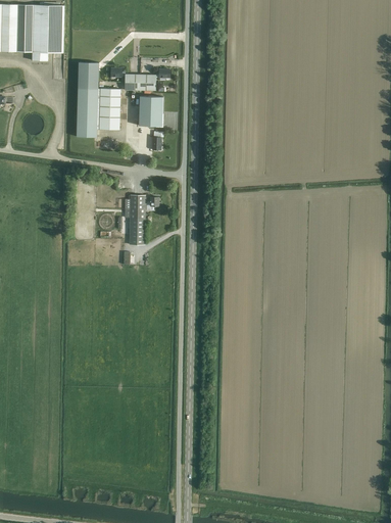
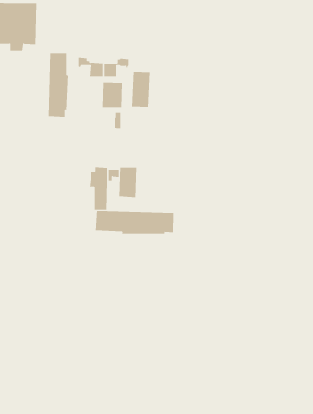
building: [98,88,120,130] -> [131,71,151,108]
building: none -> [119,167,137,198]
building: none -> [95,210,174,235]

